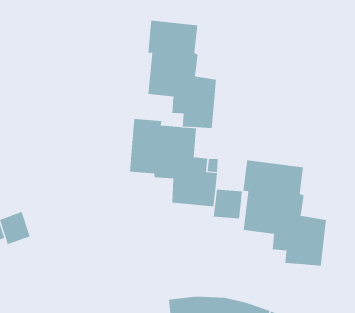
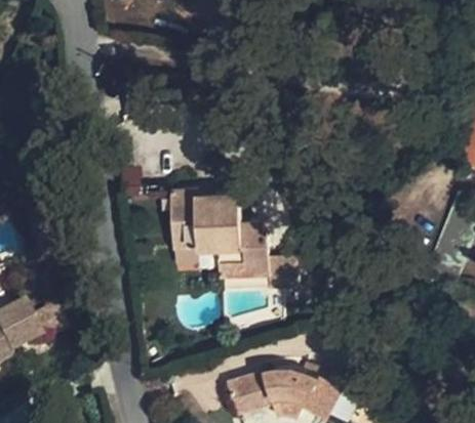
building: [148,20,217,129] -> none
building: [243,160,327,267] -> none

